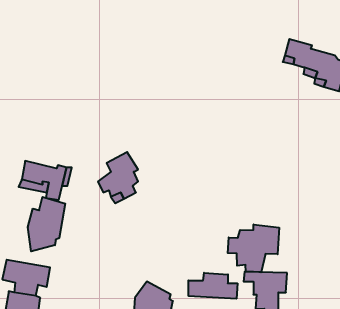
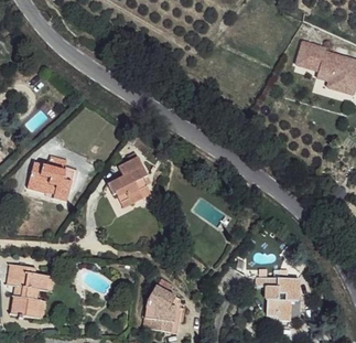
building: [28,197,65,251] -> none
building: [228,224,279,272] -> none
building: [188,273,237,299] -> none

